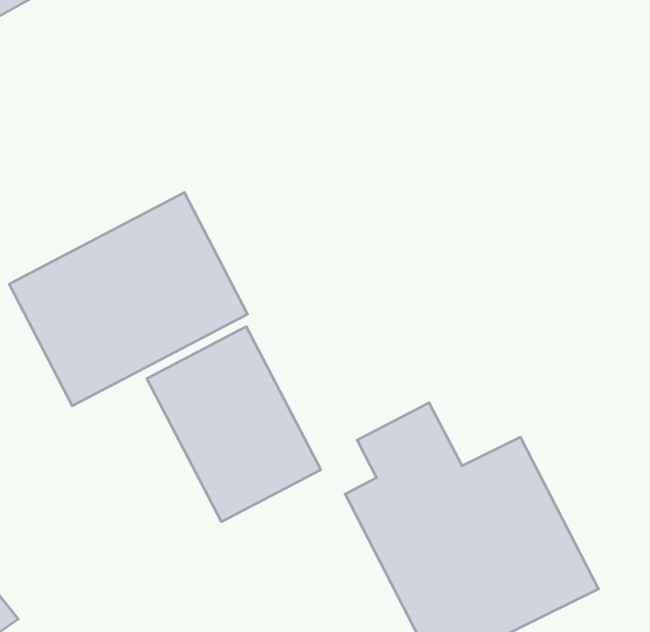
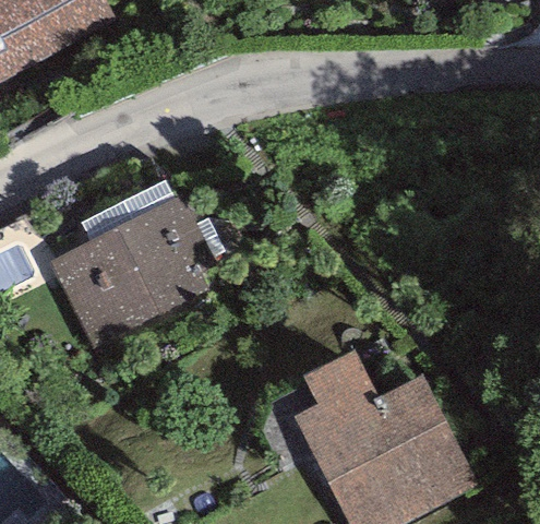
building: [147,327,321,522] -> none

